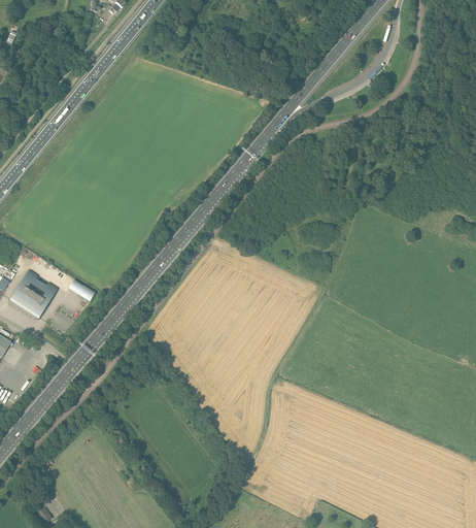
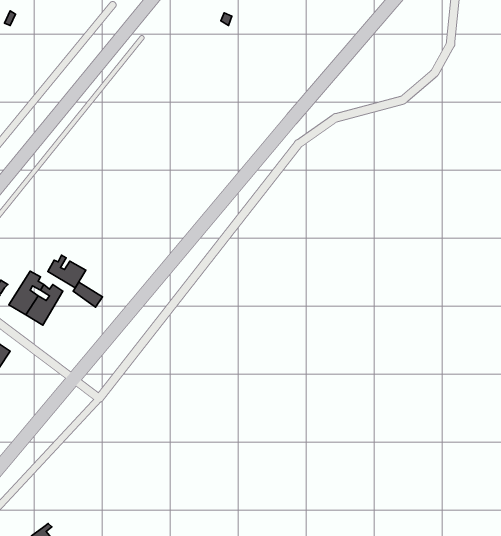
building: none -> [48,255,86,288]

